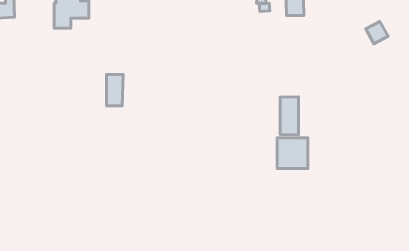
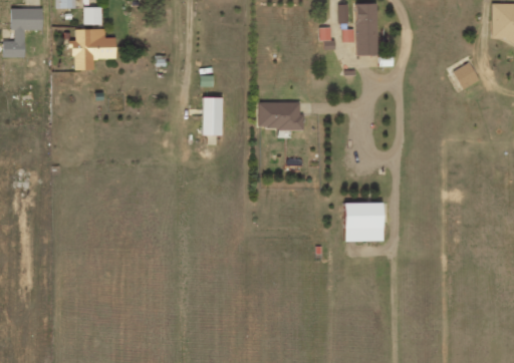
building: none -> [259,101,304,129]
building: [107,75,123,106] -> [203,97,223,135]
building: [280,97,299,135] -> none

